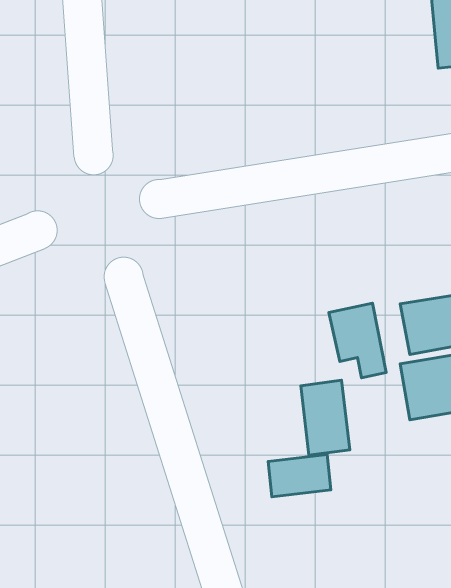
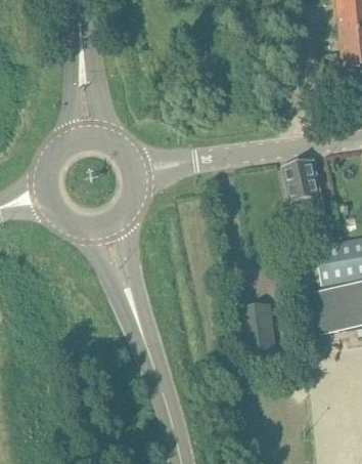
building: [329,303,386,378] -> [281,156,324,212]
building: [268,455,331,497] -> none

